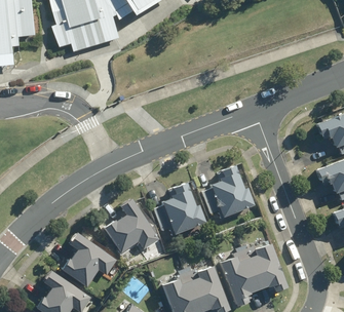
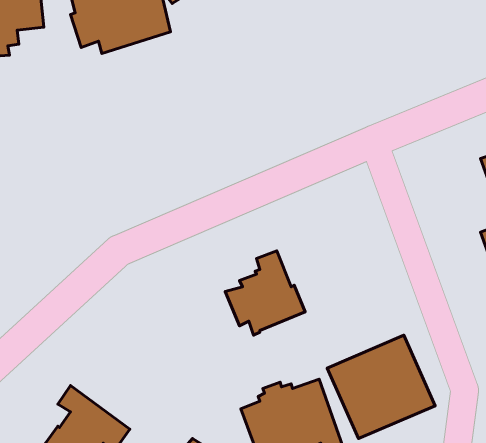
building: [204,165,256,220] -> none
building: [106,198,160,254] -> none
building: [63,233,119,287] -> none

